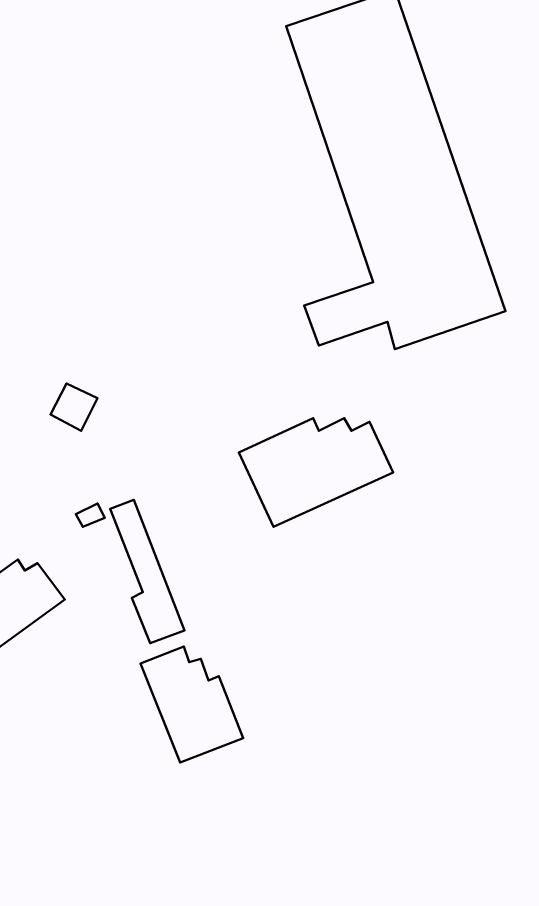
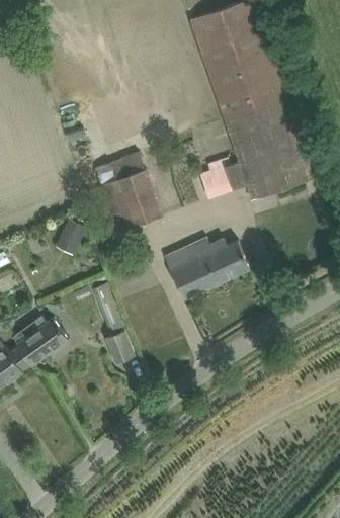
building: none -> [100,153,161,232]
building: [141,647,243,763] -> none

